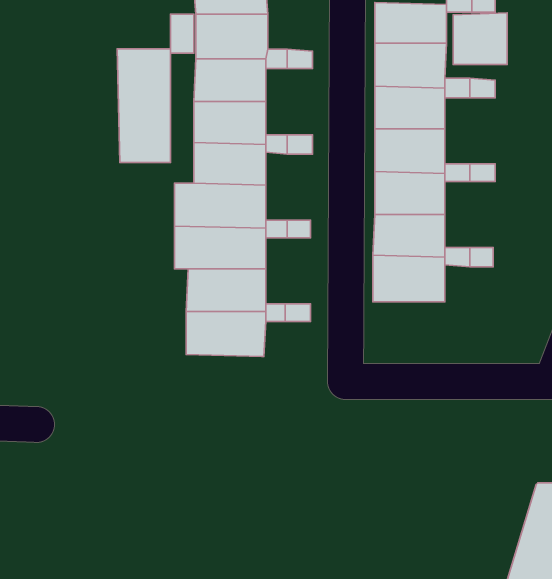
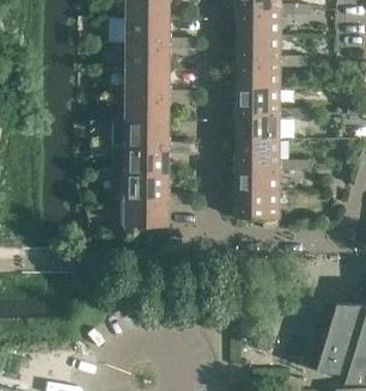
building: [453,13,507,64] -> none
building: [117,49,171,162] -> none
building: none -> [234,191,279,227]

